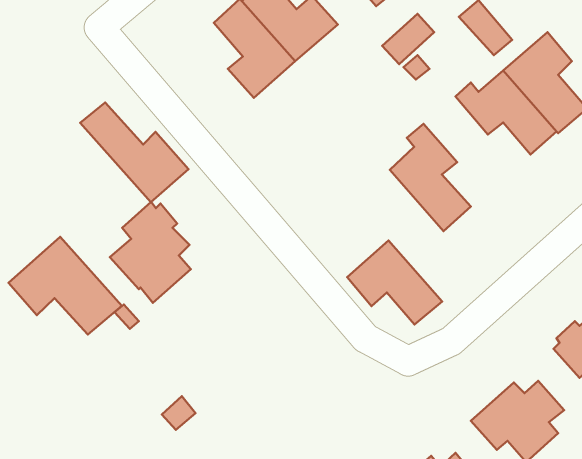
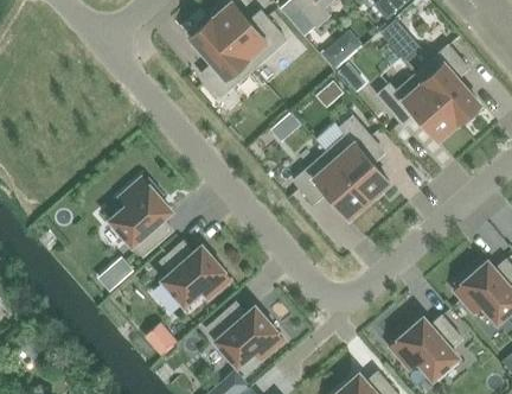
building: [80,103,188,202] -> none
building: [8,237,122,335] -> none
building: [347,240,442,325] -> [294,152,367,217]
building: none -> [160,241,230,305]
building: none -> [206,303,283,366]

